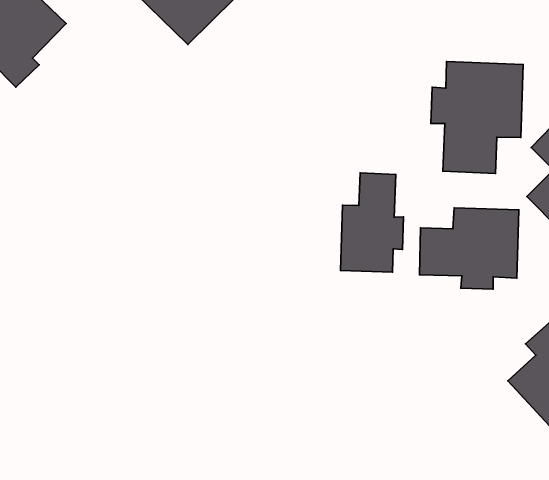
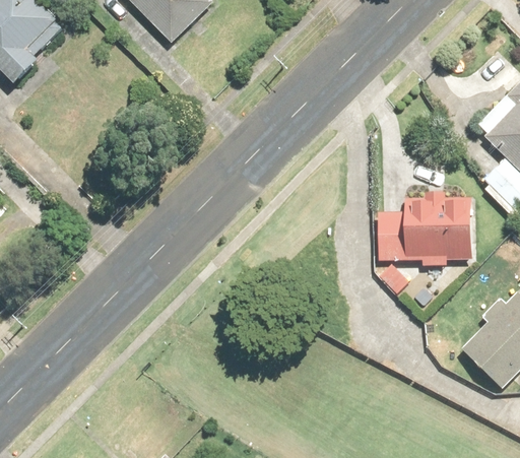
building: [431,62,523,174] -> none
building: [340,173,404,272] -> none

